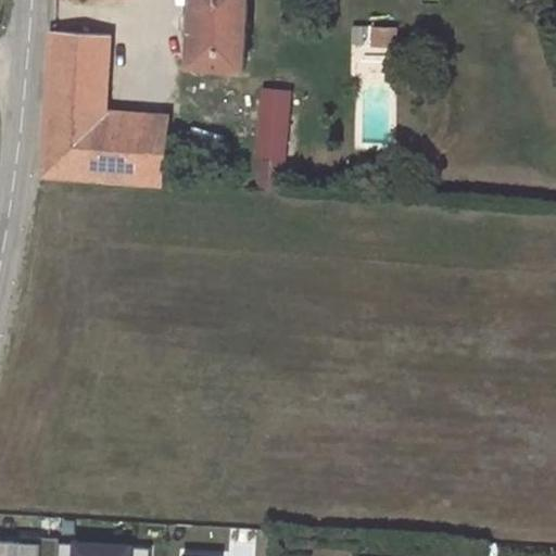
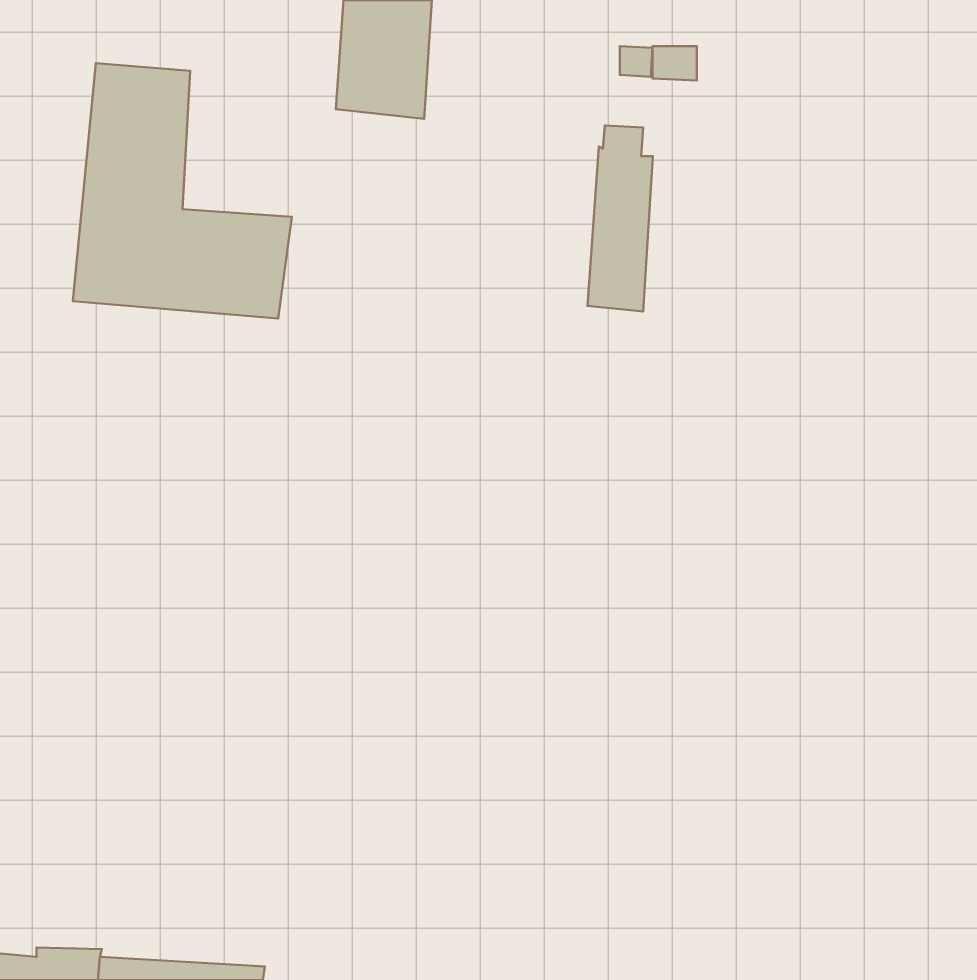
building: [252,84,289,189] -> [587,126,653,312]

